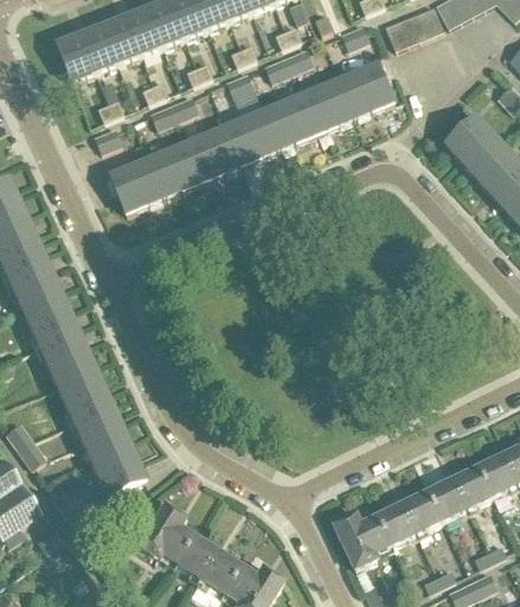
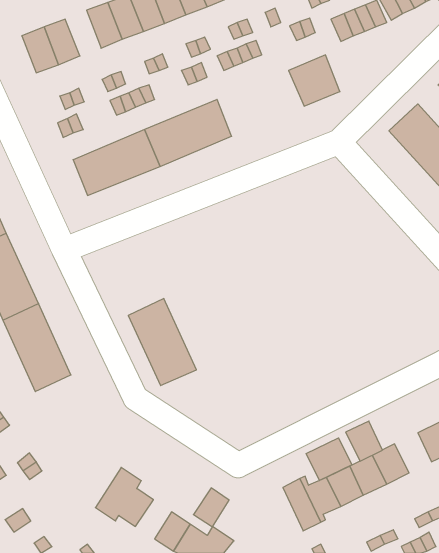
building: [103,15,141,64] -> none
building: [264,79,357,149] -> none
building: [71,403,143,496] -> [128,299,196,386]
building: [452,465,492,507] -> [346,421,382,461]
building: none -> [306,438,352,481]
building: [178,536,216,577] -> [193,488,229,527]

